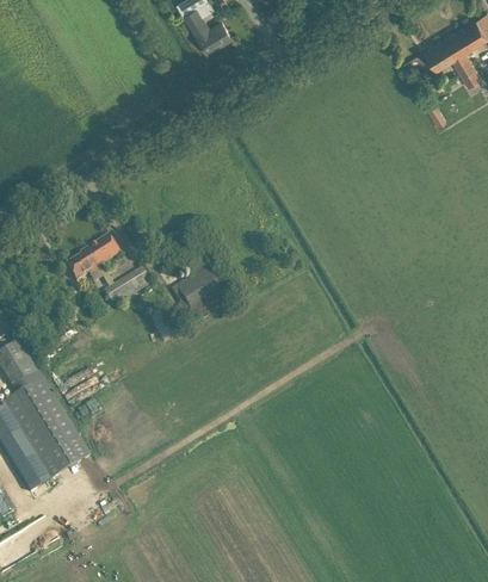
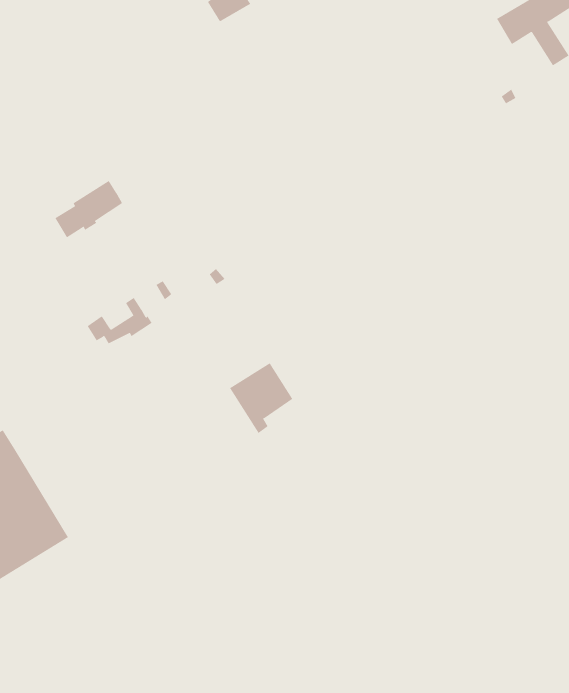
building: [64,233,118,278] -> [54,180,123,238]
building: [174,264,224,320] -> [229,362,293,434]

